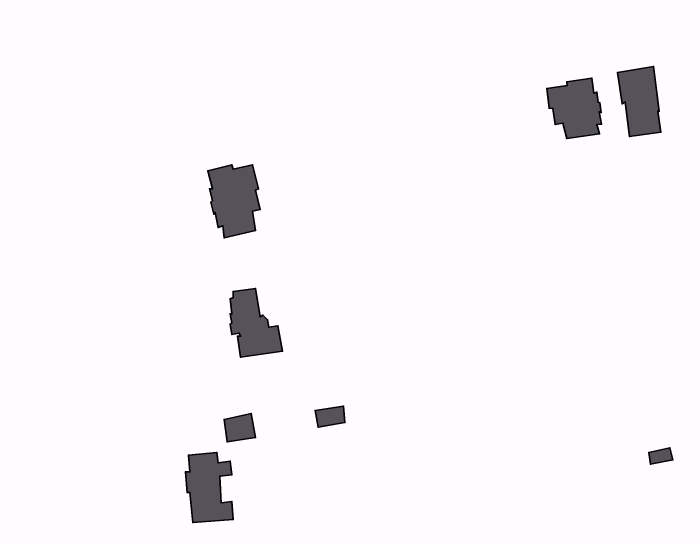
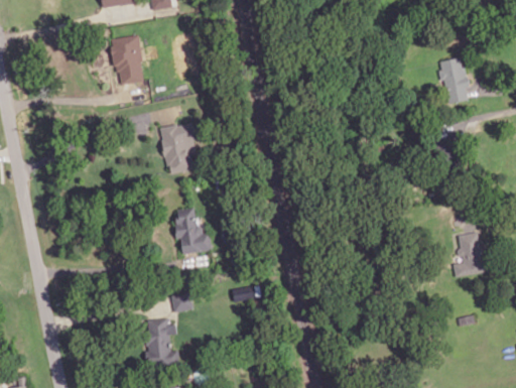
building: none -> [111,35,143,84]
building: [547,78,602,139] -> none
building: none -> [453,232,484,279]

